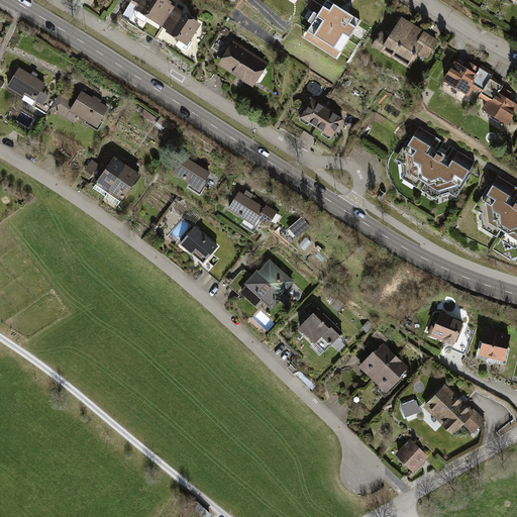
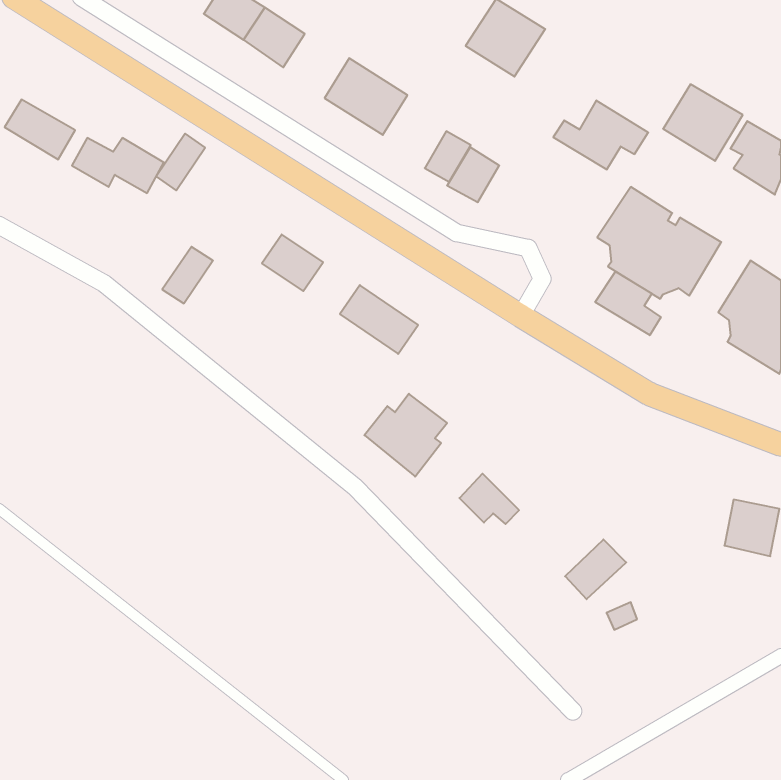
building: [373,19,435,65] -> [553,100,648,169]
building: [315,109,345,142] -> [425,131,471,182]
building: [94,153,126,191] -> [156,134,205,190]
building: none -> [595,272,661,335]
building: [177,223,220,266] -> none
building: [430,312,464,347] -> none
building: [355,338,398,380] -> none
building: [421,381,486,442] -> none
building: [395,437,428,471] -> none

